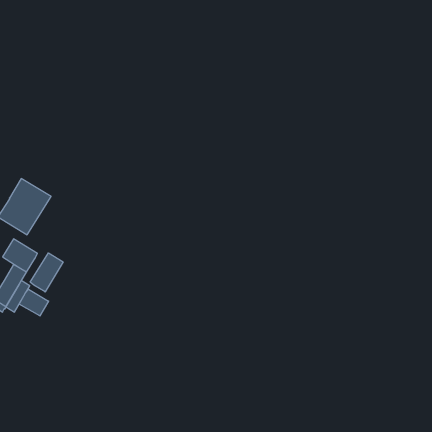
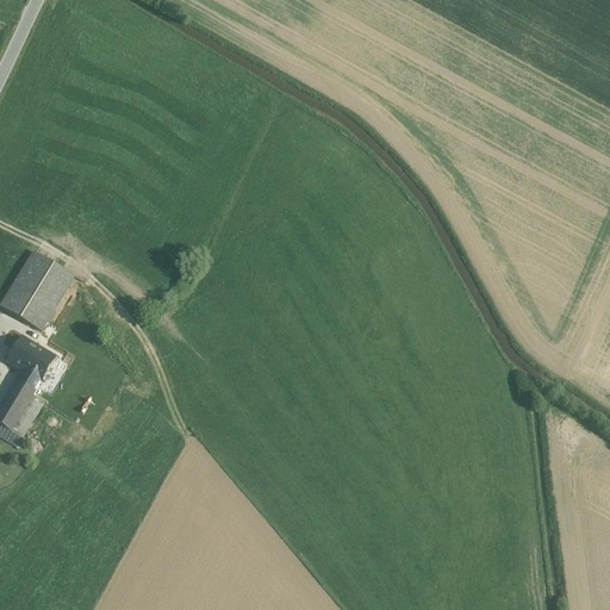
building: [30,253,63,292] -> none
building: [19,289,49,316] -> none

